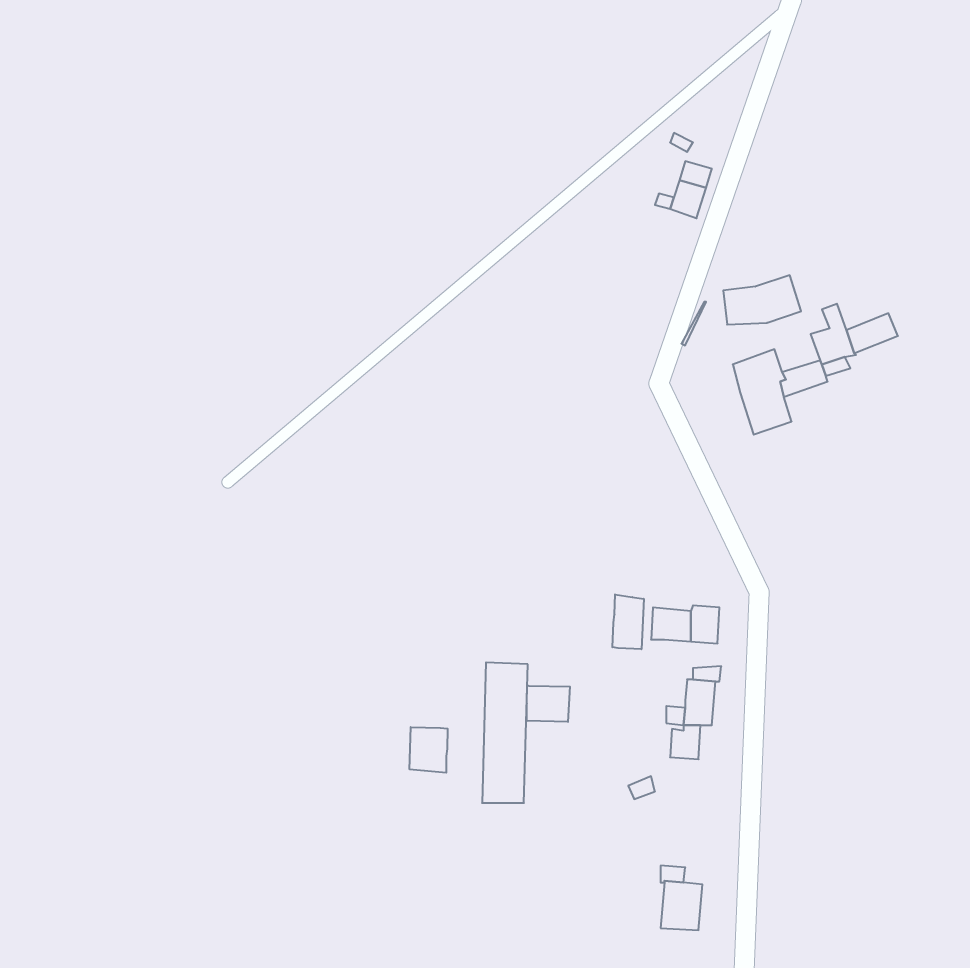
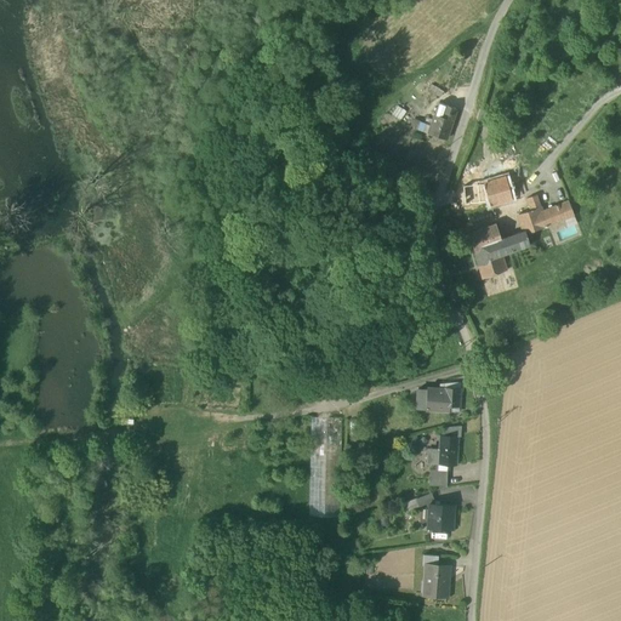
building: [612,594,644,649] -> none
building: [527,686,570,722] -> none
building: [410,727,448,773] -> none
building: none -> [427,503,452,529]

